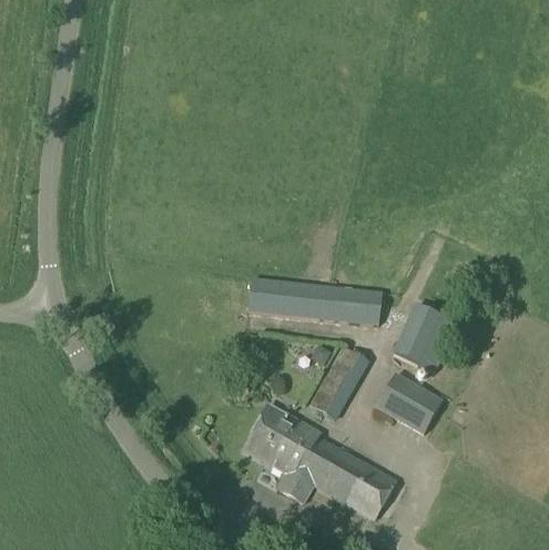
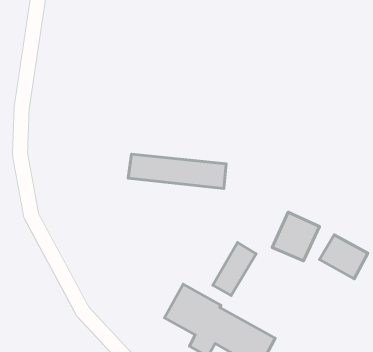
building: [246,277,382,325] -> [128,154,226,189]
building: [375,373,441,434] -> [320,235,368,279]

